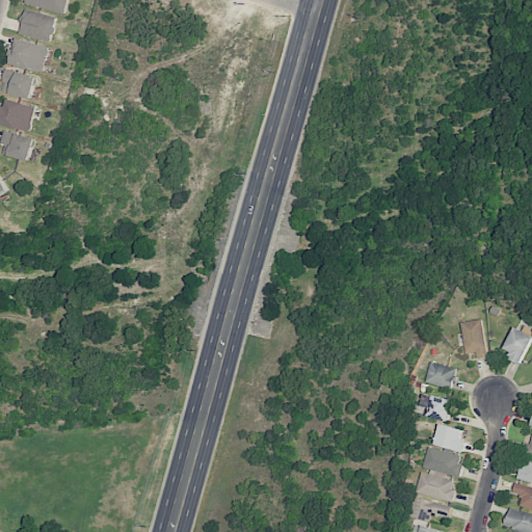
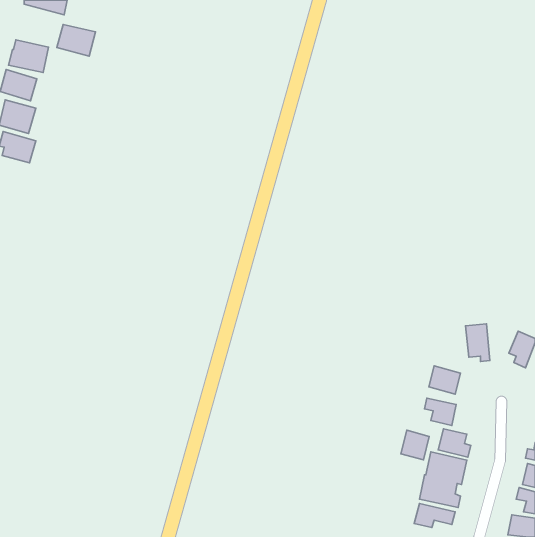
building: [18,9,56,41] -> [57,25,96,56]
building: none -> [401,430,429,460]

